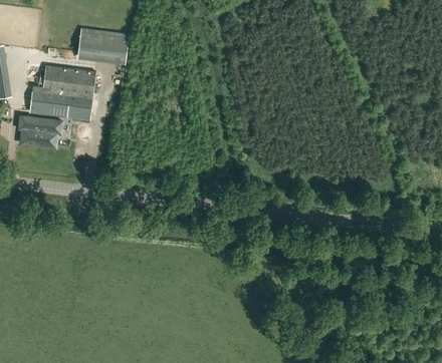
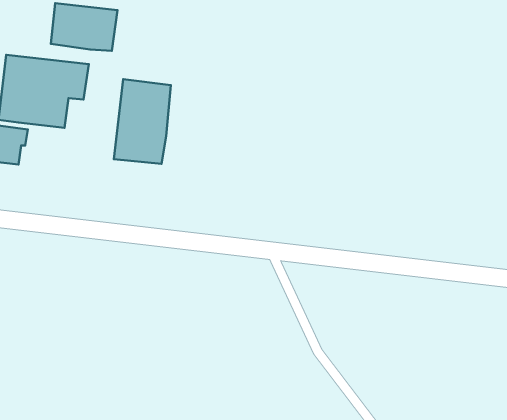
building: none -> [114,79,171,164]

